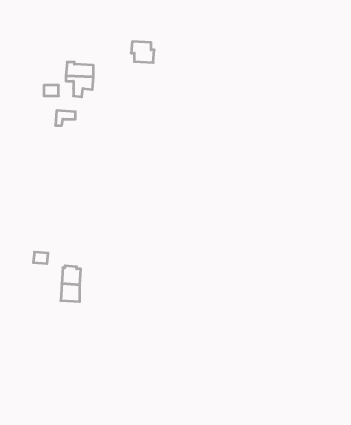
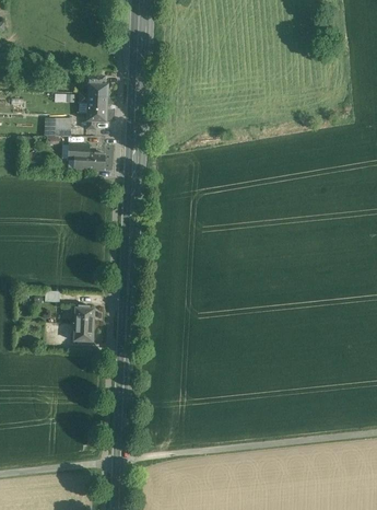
building: [131,42,154,63] -> [83,73,107,95]
building: none -> [73,151,104,169]

